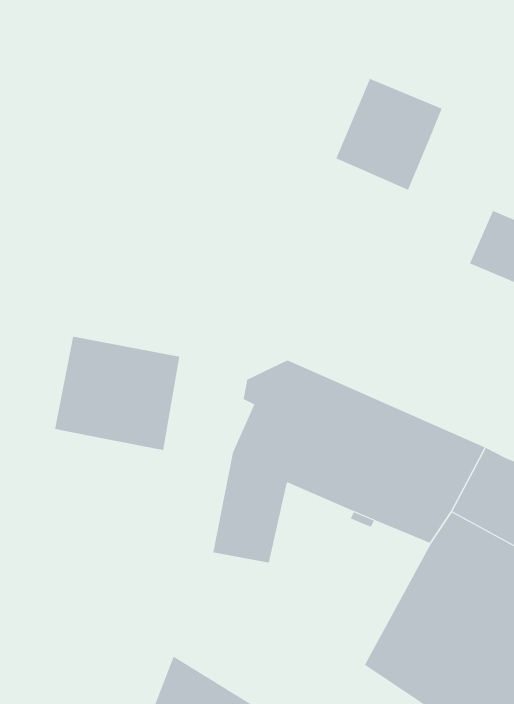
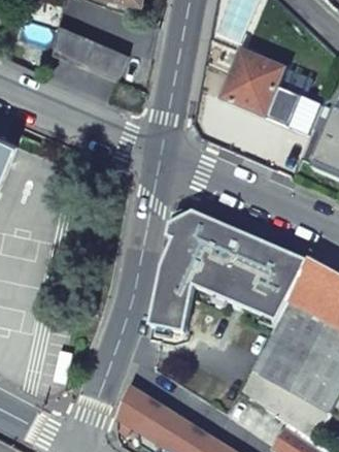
building: none -> [50,22,127,77]
building: none -> [264,85,320,133]
building: [55,336,180,451] -> none

